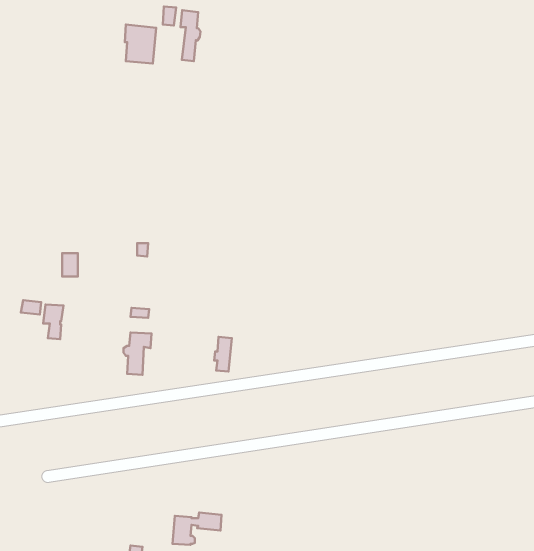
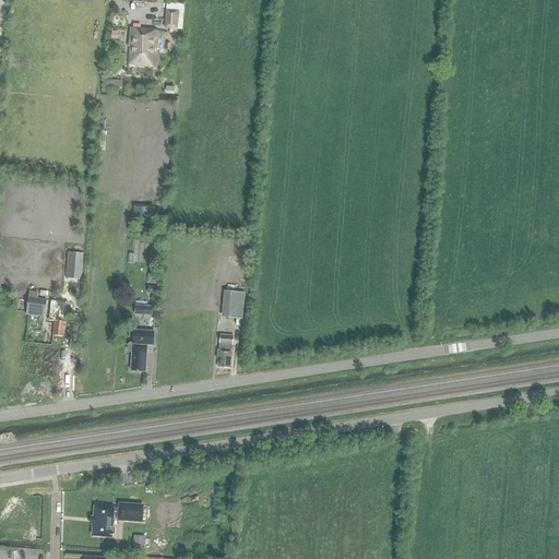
building: [181,10,201,61] -> none
building: none -> [224,289,243,318]
building: [173,513,222,545] -> [93,503,141,535]

